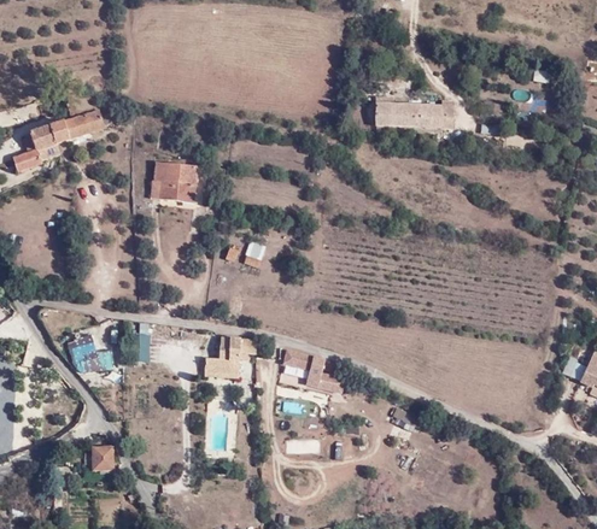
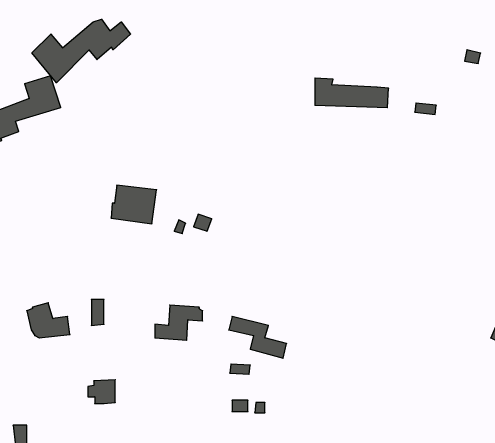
building: none -> [32,19,131,83]
building: [151,161,199,202] -> [111,185,157,224]
building: [84,446,113,471] -> [88,380,115,404]

